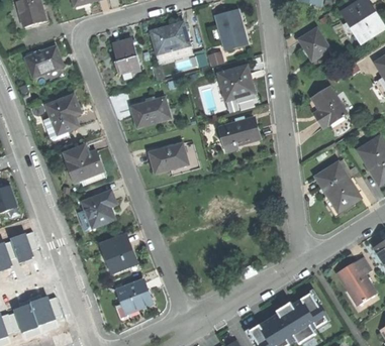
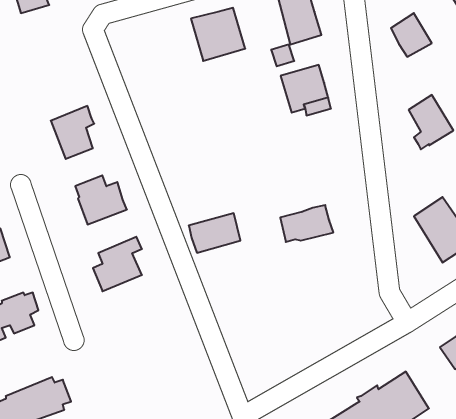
building: [112,38,139,73] -> none
building: [26,46,64,76] -> none
building: [129,98,168,126] -> none
building: [219,118,259,145] -> [280,205,333,242]
building: [149,143,187,172] -> [189,213,240,253]
building: [101,237,134,273] -> none
building: [118,283,149,314] -> none

